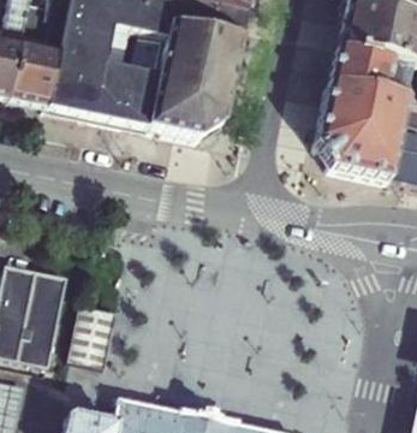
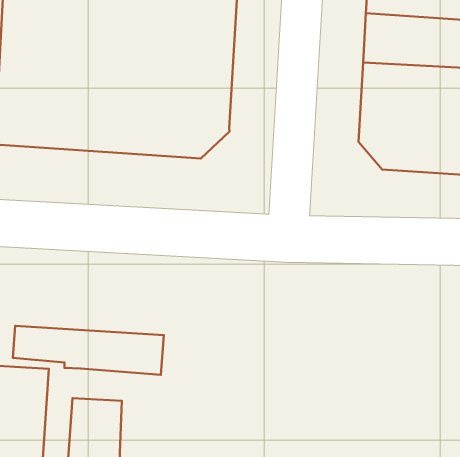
building: none -> [13,326,164,375]

